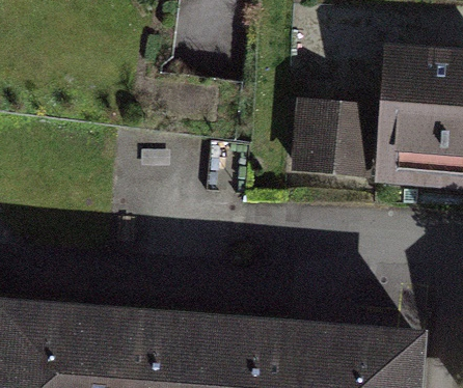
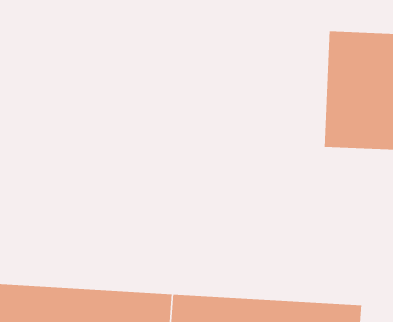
building: [295,104,360,176] -> none

